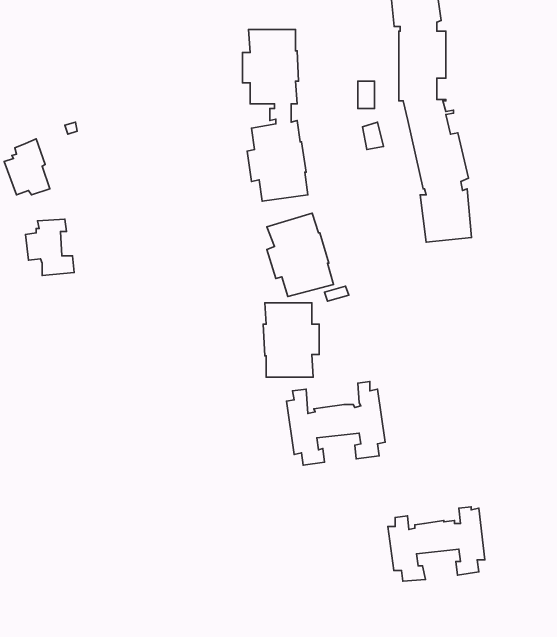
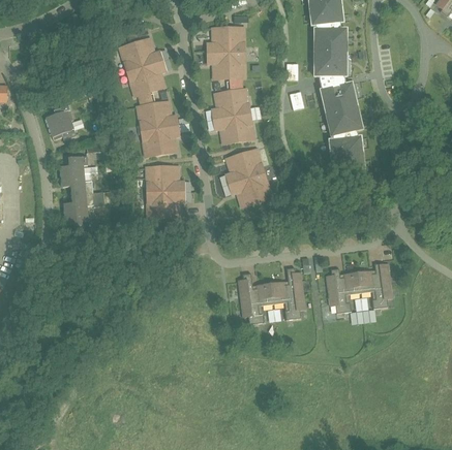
building: none -> [122,35,180,155]
building: none -> [64,191,104,230]
building: [263,303,319,377] -> [145,166,183,217]
building: [388,507,485,581] -> [326,261,392,312]

